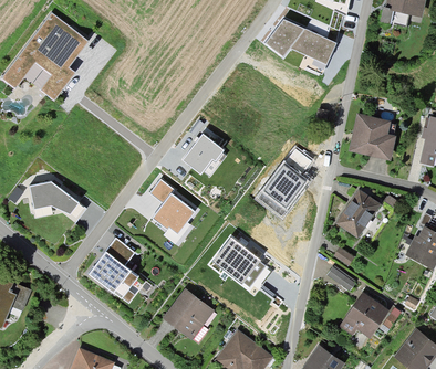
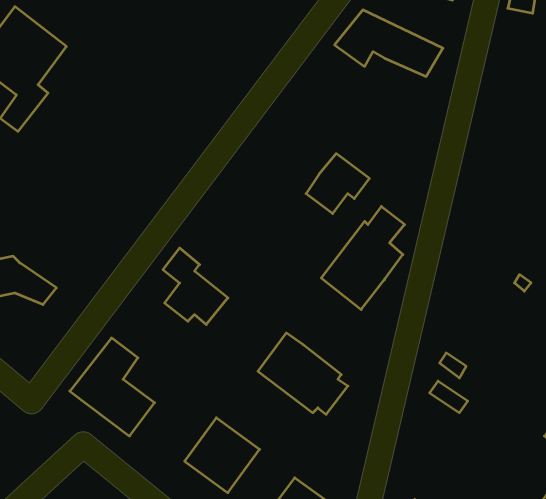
building: [350,113,393,155] -> none
building: [184,133,226,172] -> [306,154,369,214]
building: [335,189,378,236] -> none
building: [340,293,386,335] -> none

